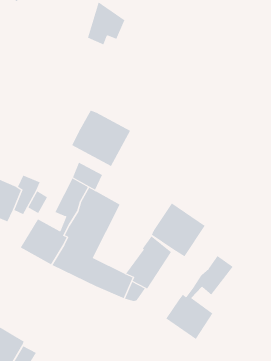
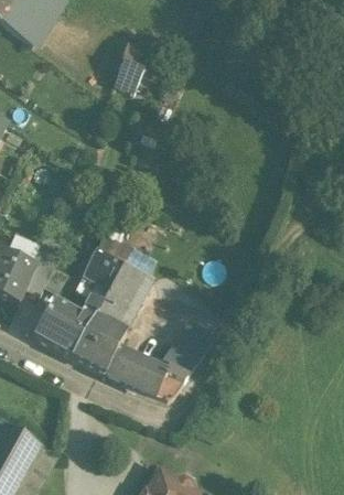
building: [71,110,131,167] -> none
building: [151,202,206,257] -> none
building: [166,255,233,340] -> none

